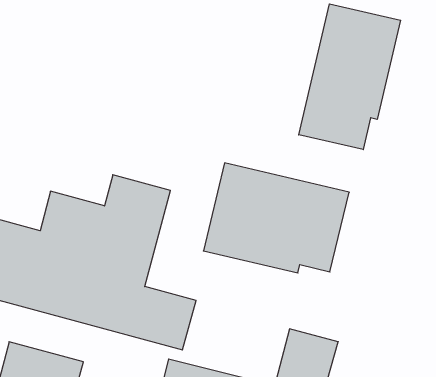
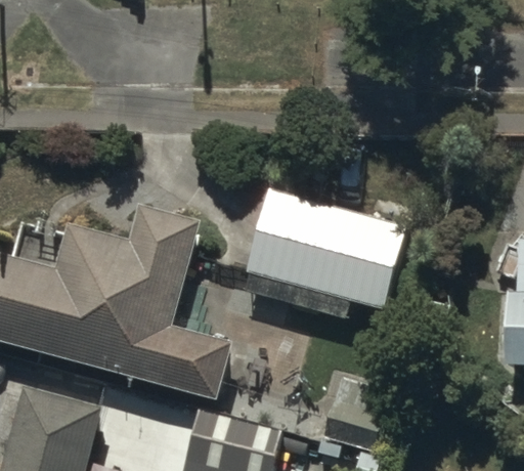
building: [299,4,401,150] -> none

